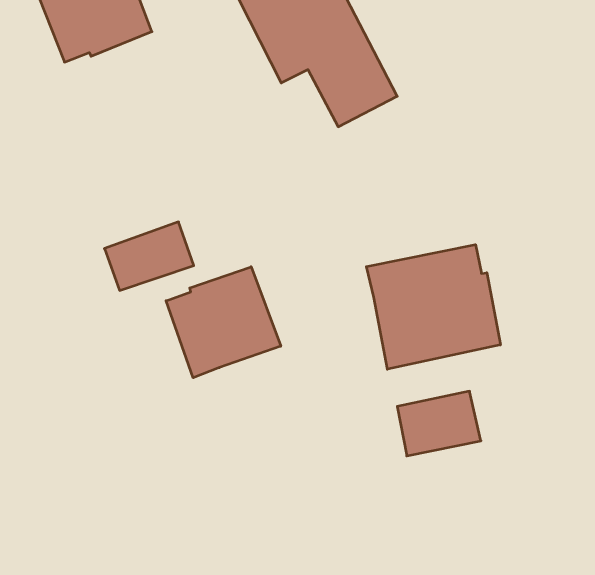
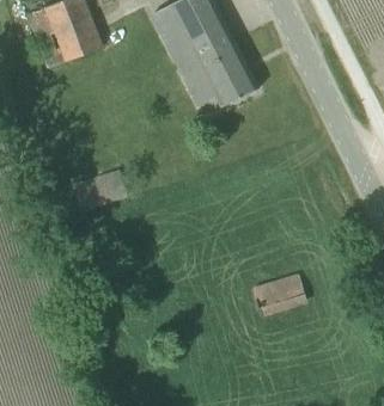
building: [366,245,500,369] -> none
building: [166,267,281,378] -> none

